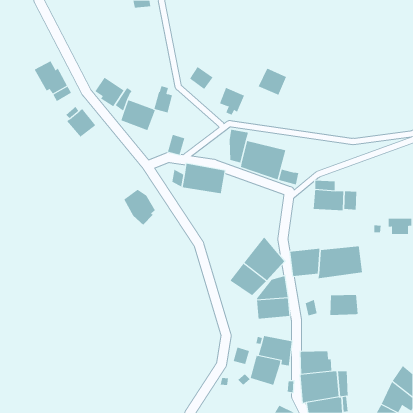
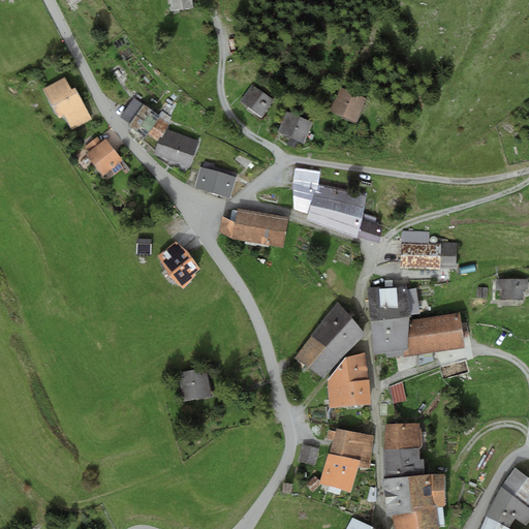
building: [154,86,173,113] -> [195,159,220,194]
building: none -> [368,285,411,321]
building: none -> [177,368,213,402]
building: [329,294,358,315] -> [384,423,422,449]

